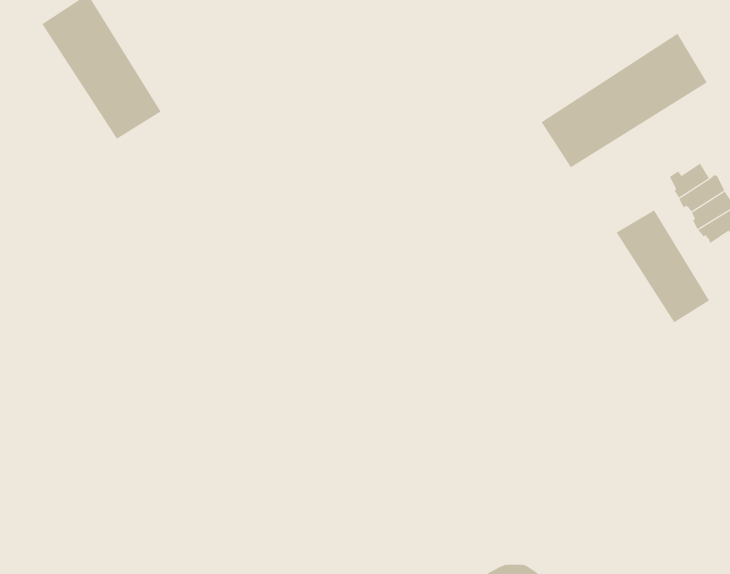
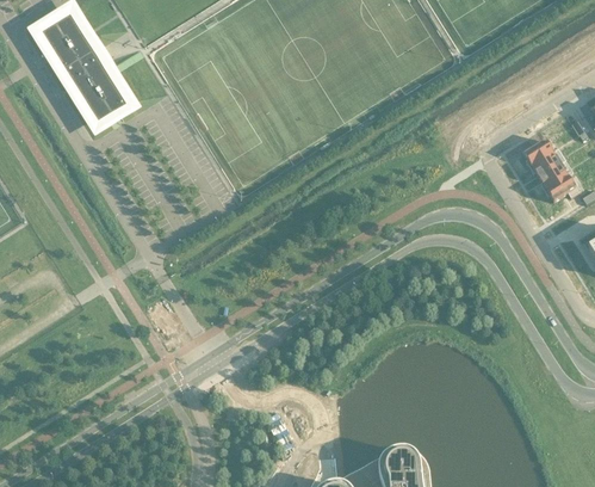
building: [541,33,707,168] -> none
building: [616,209,710,323] -> none

